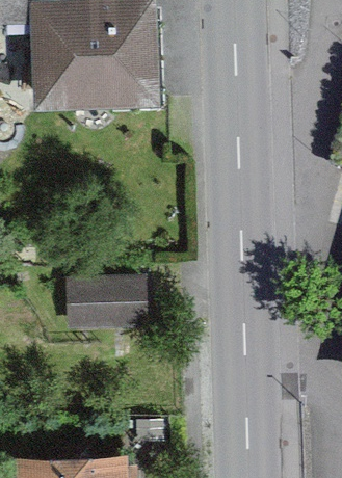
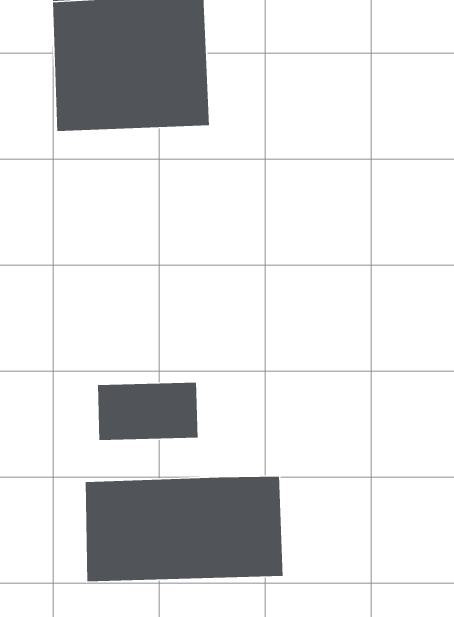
building: none -> [85,476,283,582]

